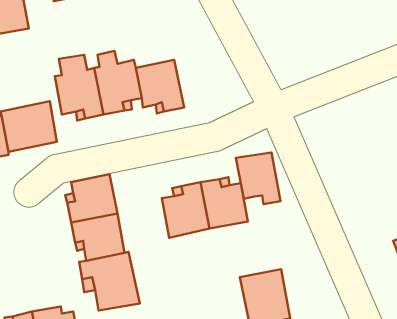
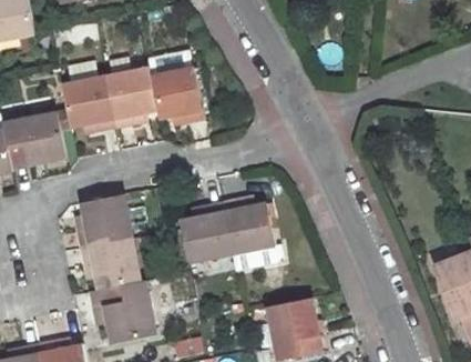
building: [236,152,280,204] -> none

